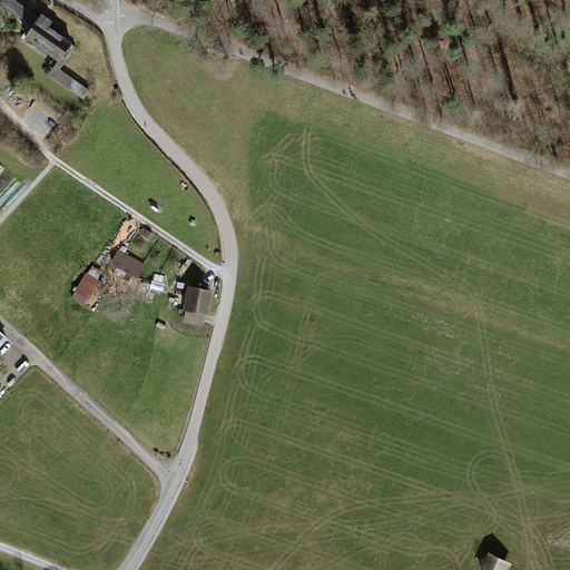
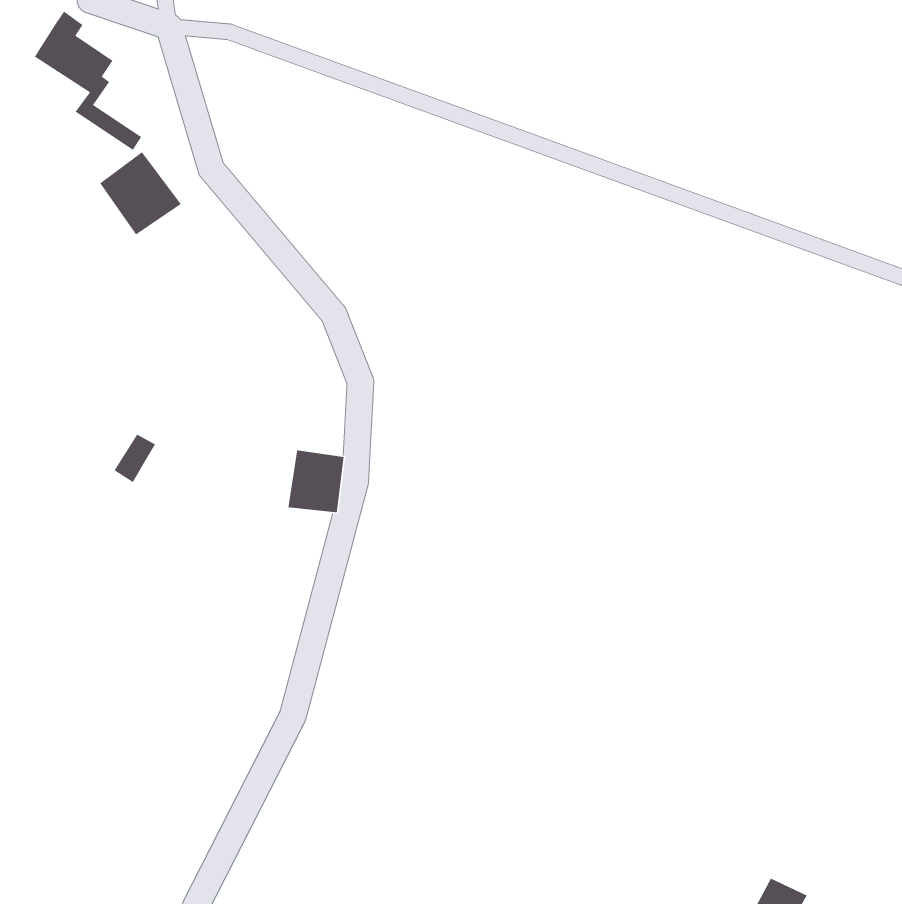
building: none -> [99,151,182,235]
building: [109,250,147,283] -> none

